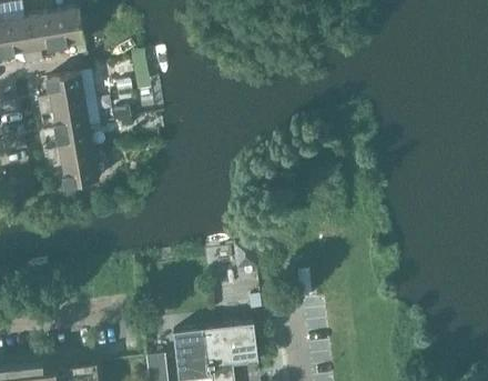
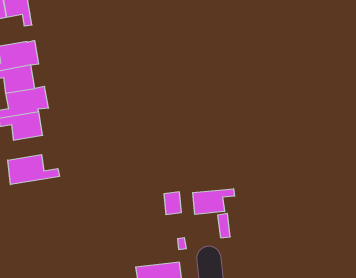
building: none -> [8,155,59,185]
building: none -> [193,189,235,214]

